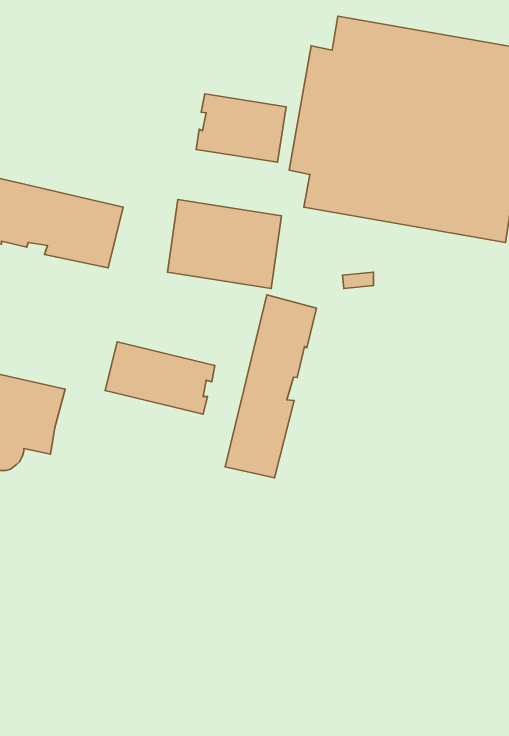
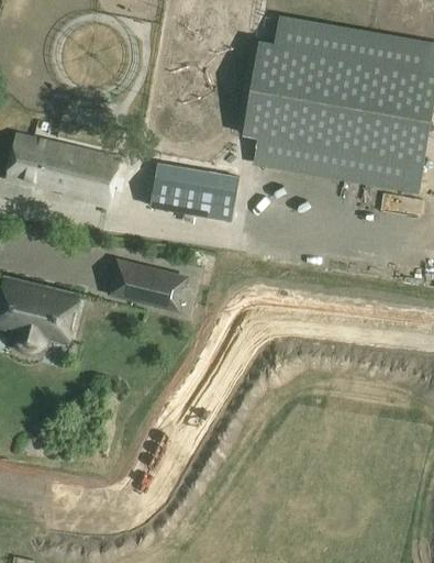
building: [196,94,286,162] -> none
building: [225,295,316,478] -> none

